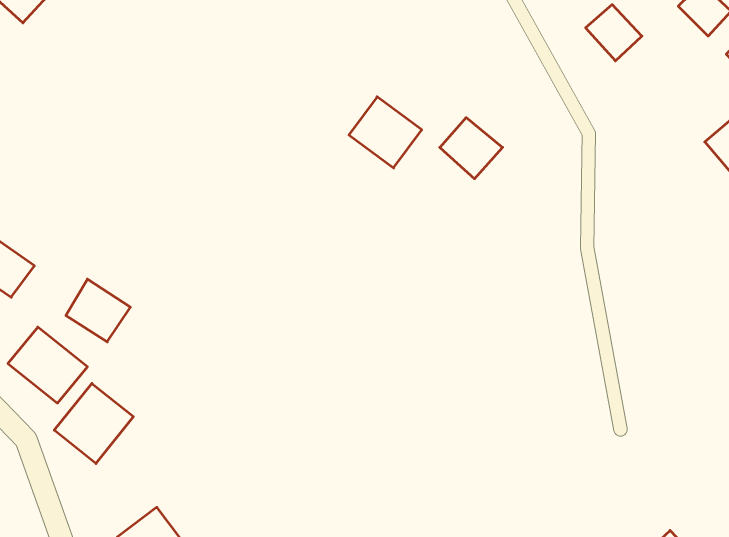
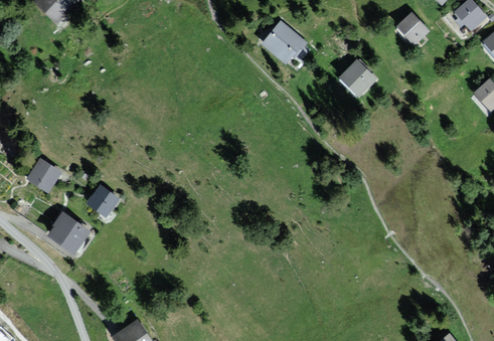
building: [349,97,422,168] -> [263,22,307,65]
building: [440,118,503,179] -> [339,61,377,99]
building: [54,383,133,464] -> none

